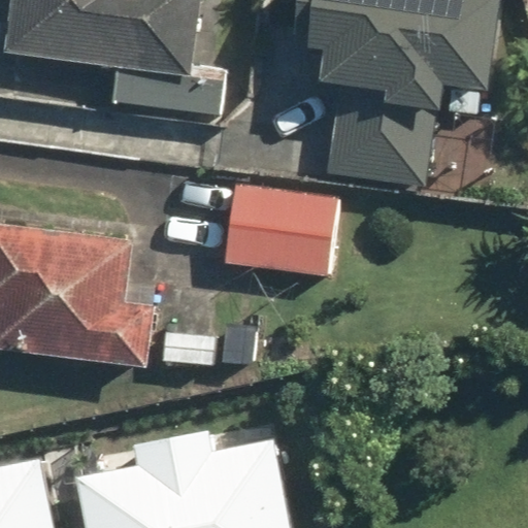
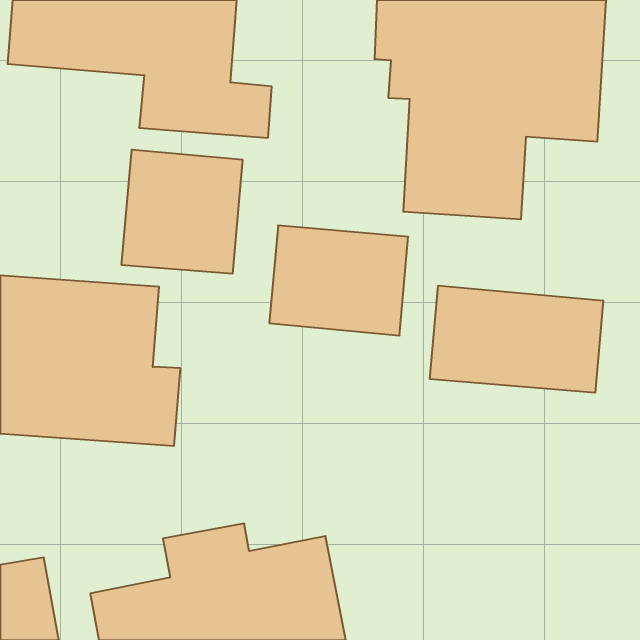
building: none -> [122,149,242,274]
building: none -> [430,286,603,393]

